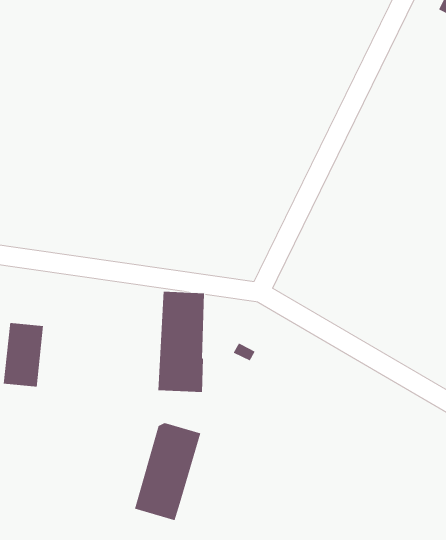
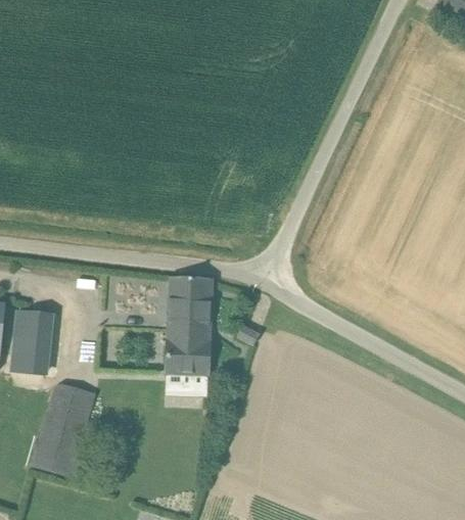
building: [134,423,201,521] -> [31,382,94,475]

